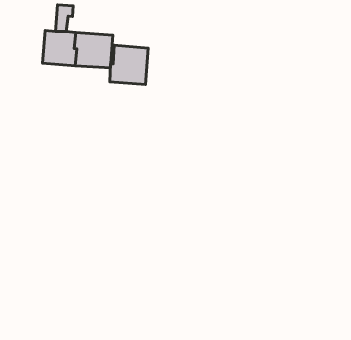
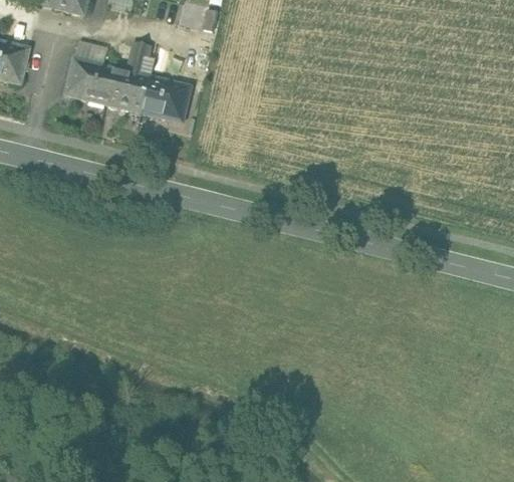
building: none -> [64,45,114,104]
building: [110,45,148,84] -> none

